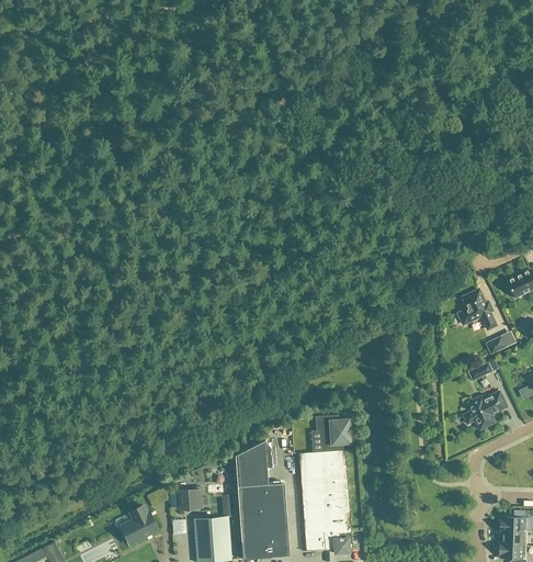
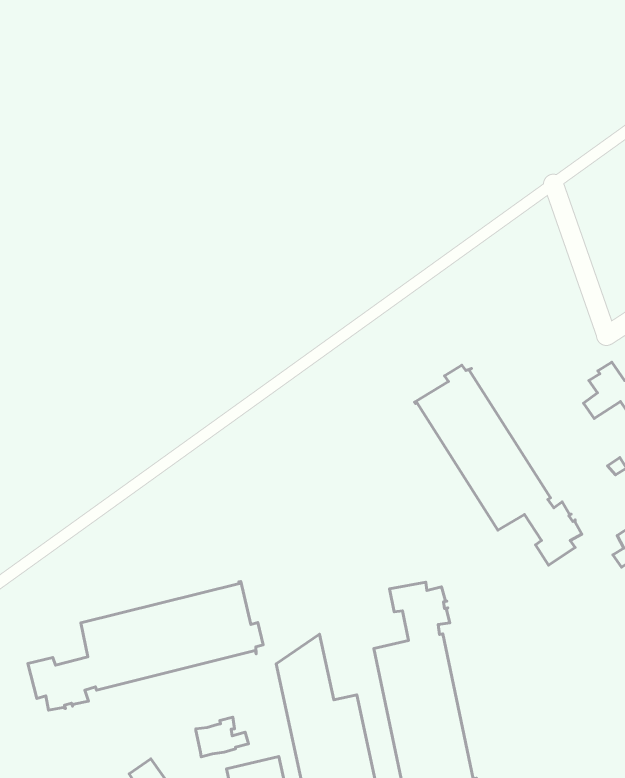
building: none -> [415,365,582,565]
building: none -> [28,581,263,710]

